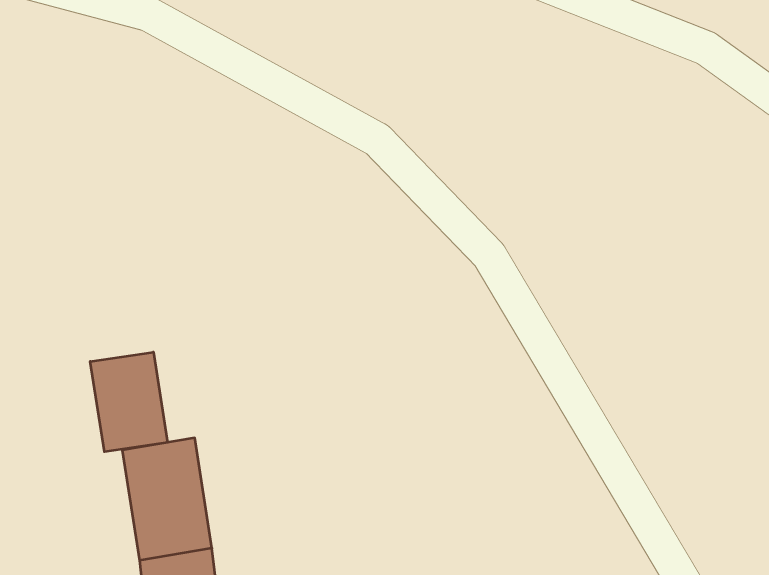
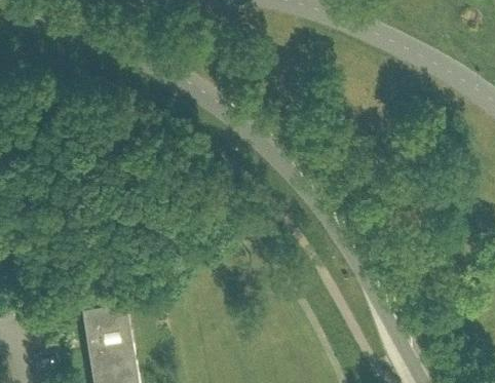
building: [90,352,168,452] -> none

